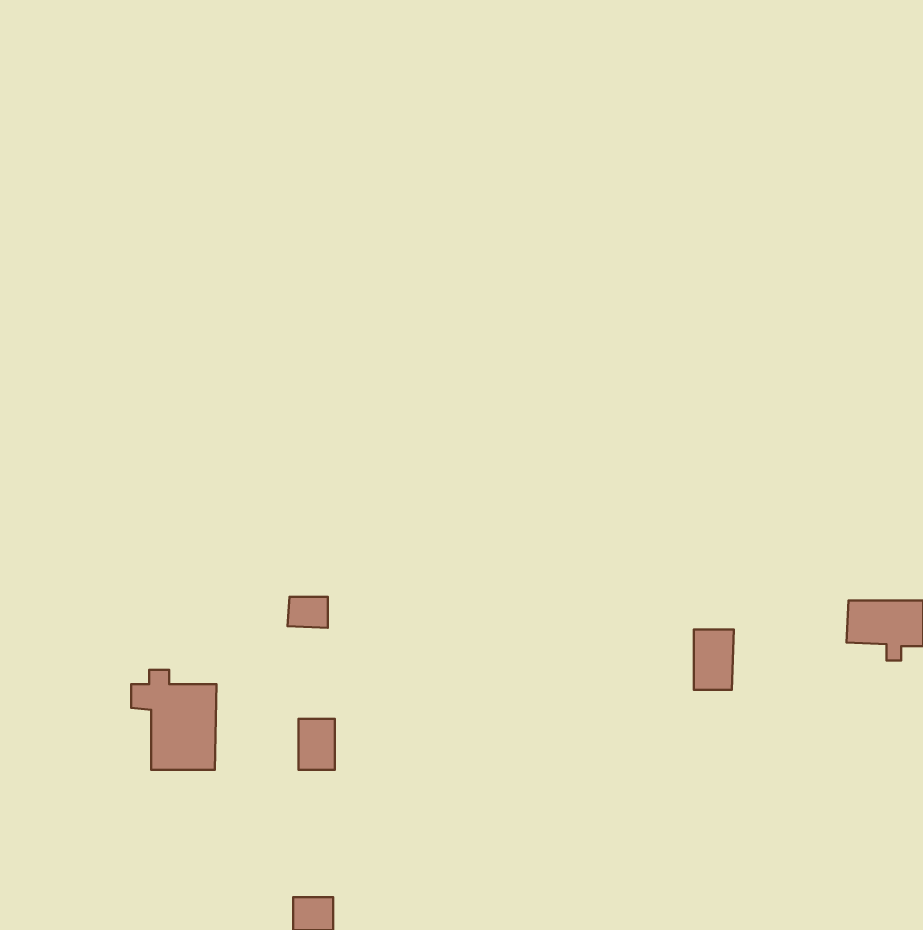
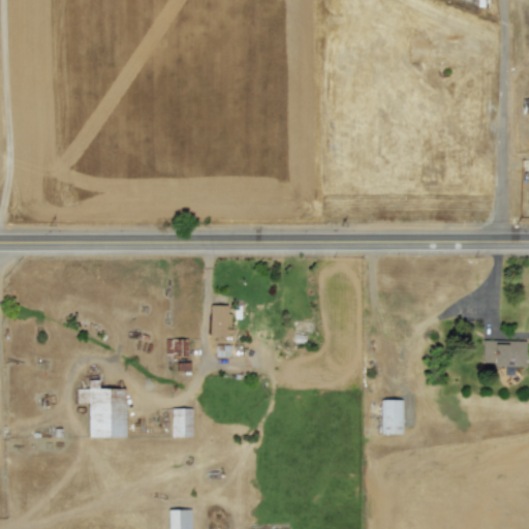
building: none -> [211,305,234,336]
building: [694,630,734,690] -> [382,400,405,434]

